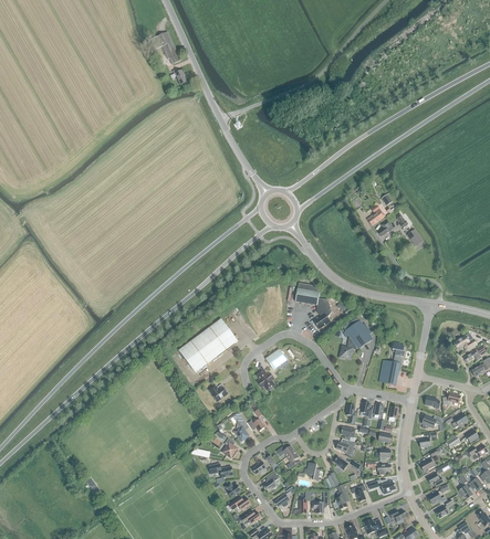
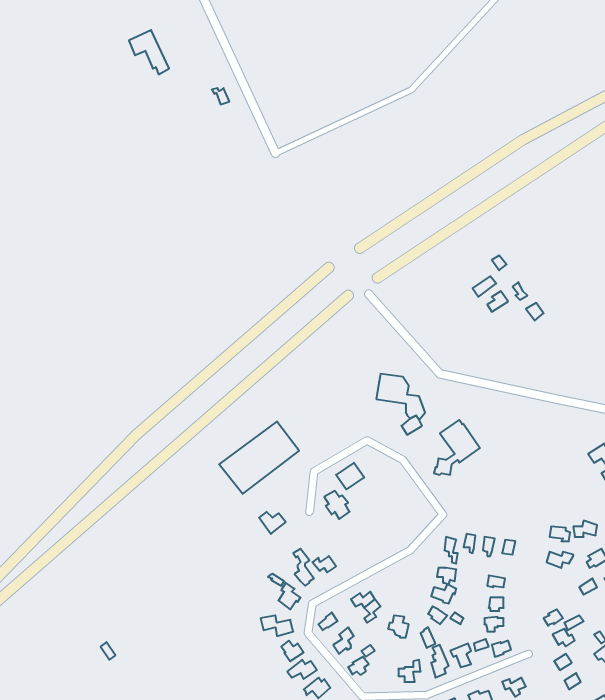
building: [150,31,180,64] -> [129,30,169,74]
building: [378,342,405,384] -> none

